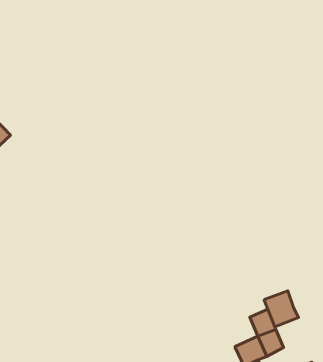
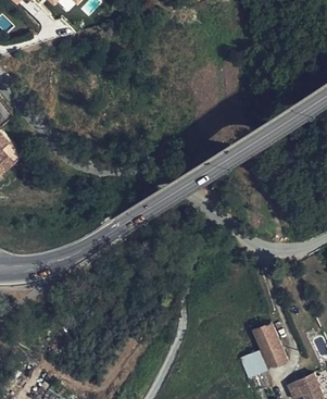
building: [264,291,298,327] -> none

